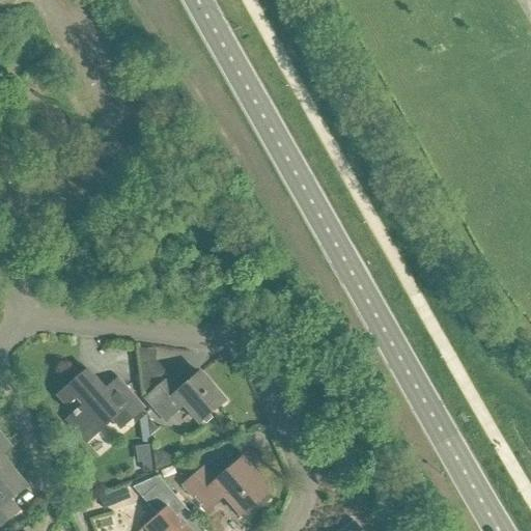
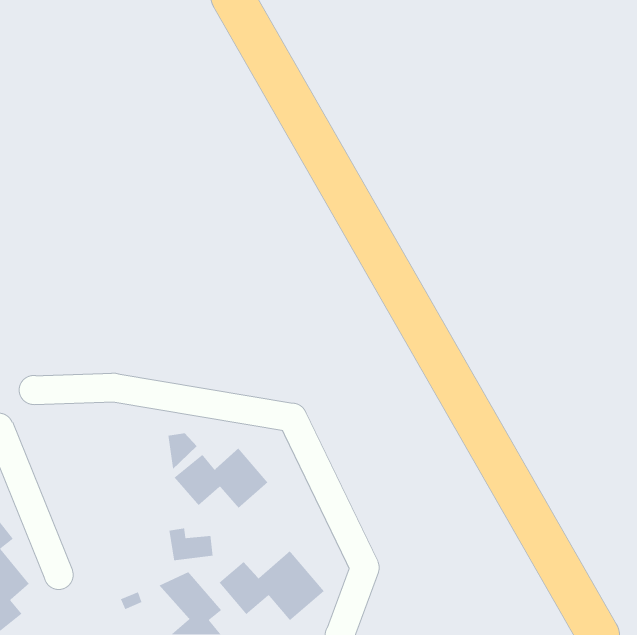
building: [56,368,143,438] -> none

